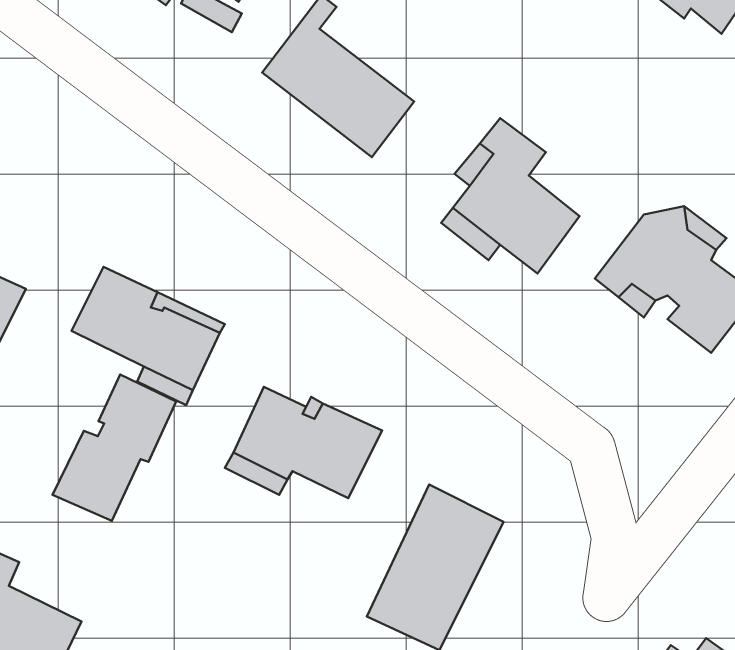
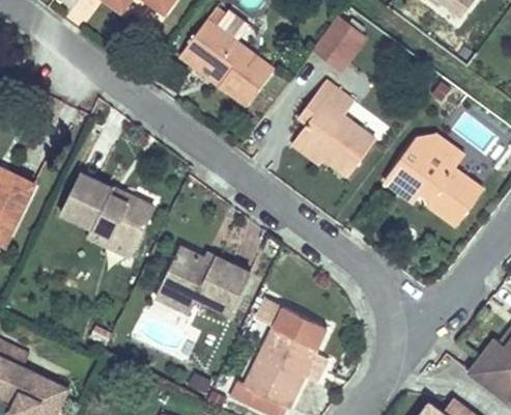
building: none -> [313,13,370,73]
building: [53,375,176,521] -> none

